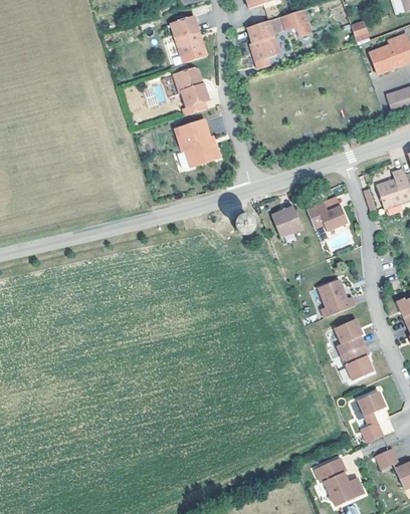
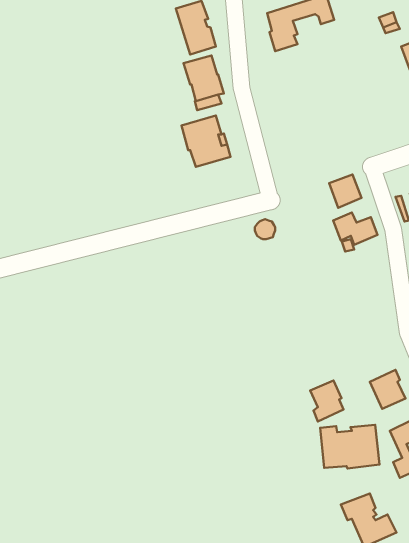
building: [272,208,301,238] -> [329,174,361,208]
building: [317,279,355,318] -> none
building: [334,319,364,356] -> [310,380,344,422]
building: none -> [320,425,380,468]

